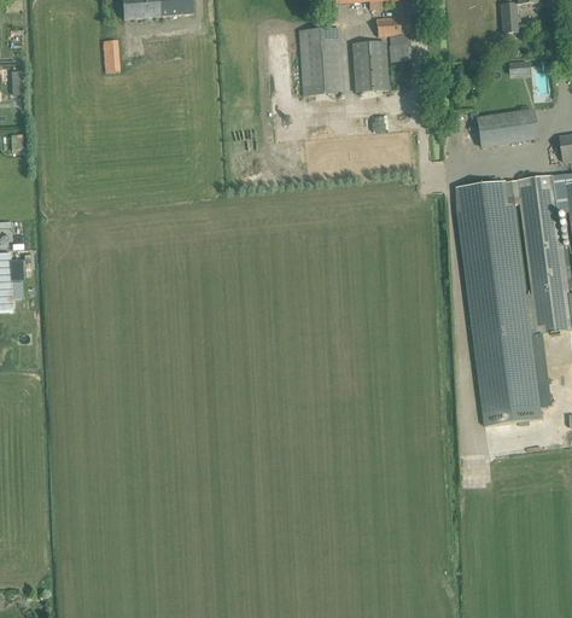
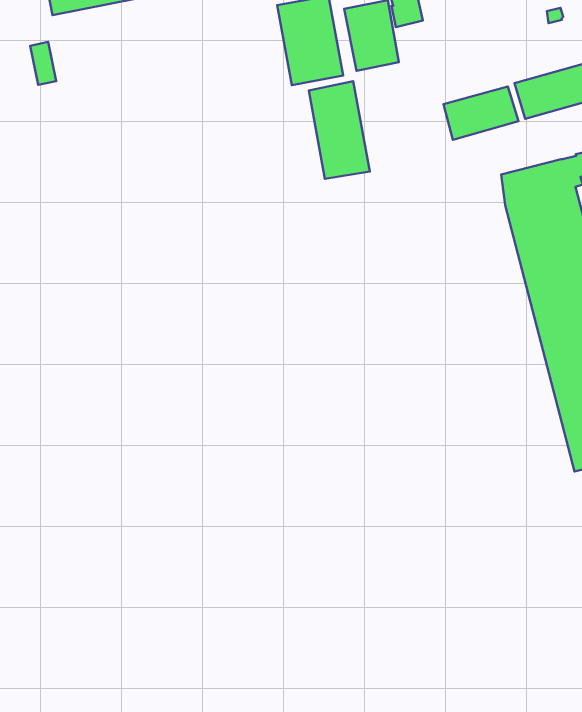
building: none -> [309,81,370,179]
building: none -> [444,86,518,140]

